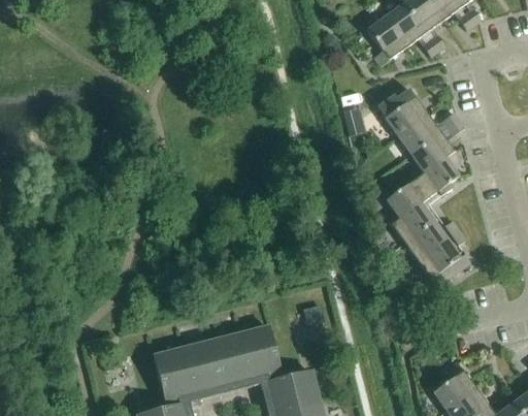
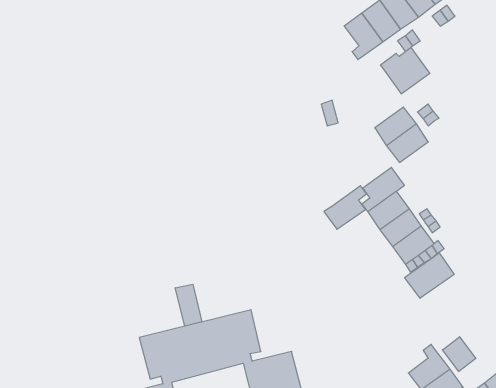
building: [376,87,428,135] -> [380,47,430,94]
building: [416,150,460,195] -> [324,186,367,229]
building: none -> [405,253,454,298]
building: none -> [175,284,202,326]
building: none -> [442,337,476,371]

